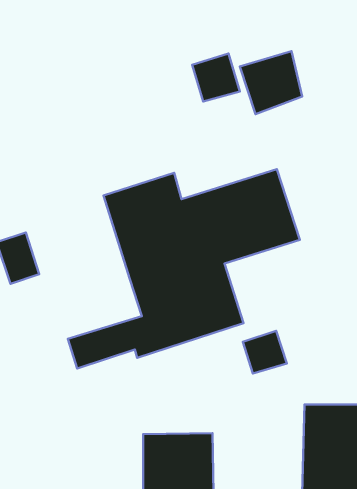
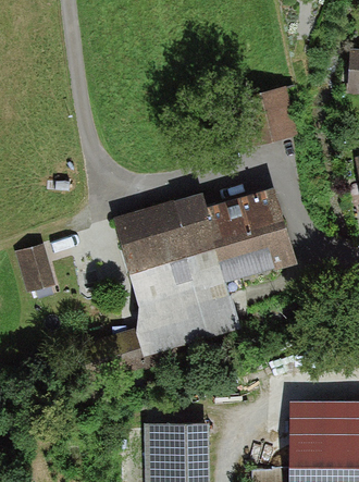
building: [192,53,240,101] -> none
building: [243,331,287,373] -> none

